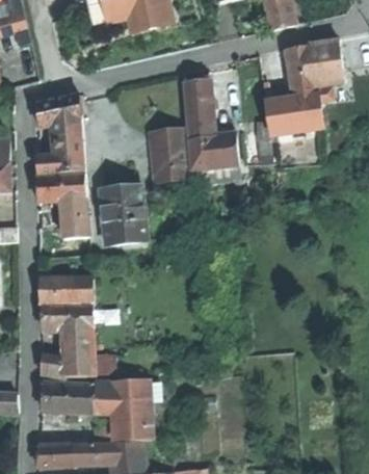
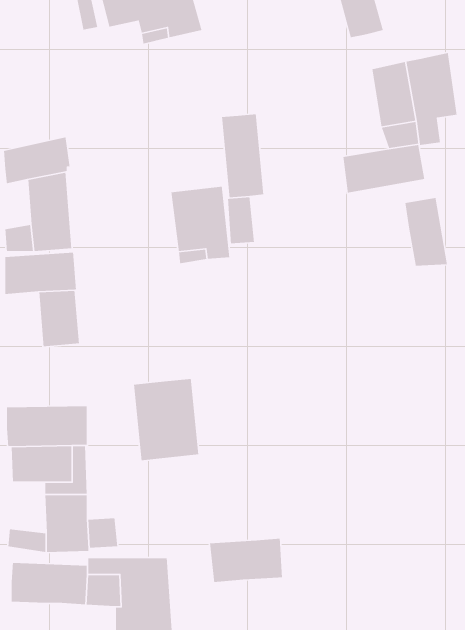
building: [204,132,238,166] -> none
building: none -> [404,197,448,266]
building: [100,187,144,243] -> [133,378,199,461]
building: none -> [209,538,283,583]

